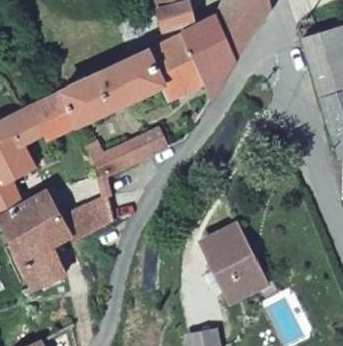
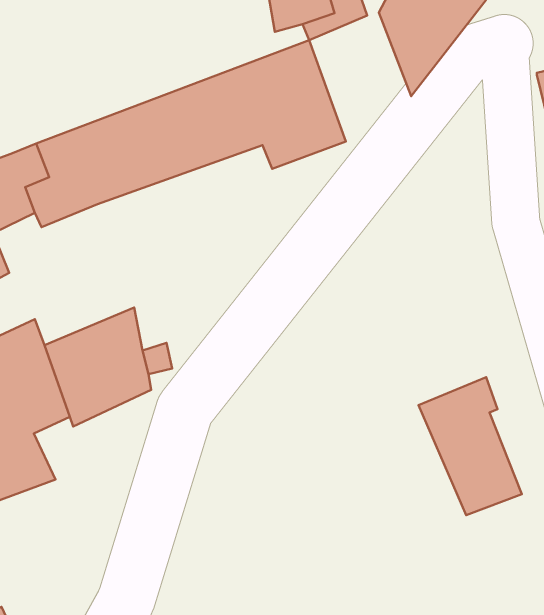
building: [181,15,236,98] -> none
building: [88,127,167,178] -> none
building: [202,225,260,298] -> [418,377,522,515]

